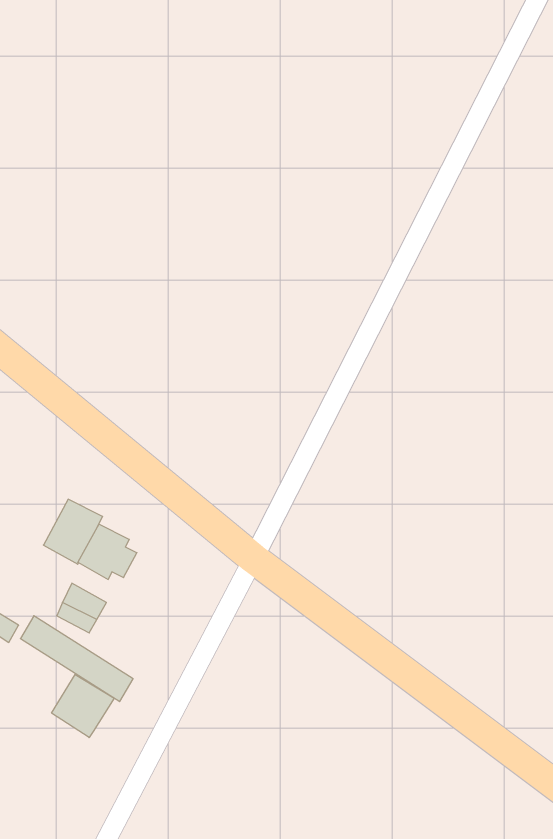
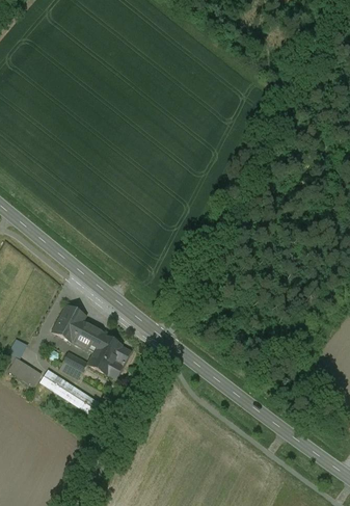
building: none -> [87,335,130,376]
building: [52,674,114,738] -> none

